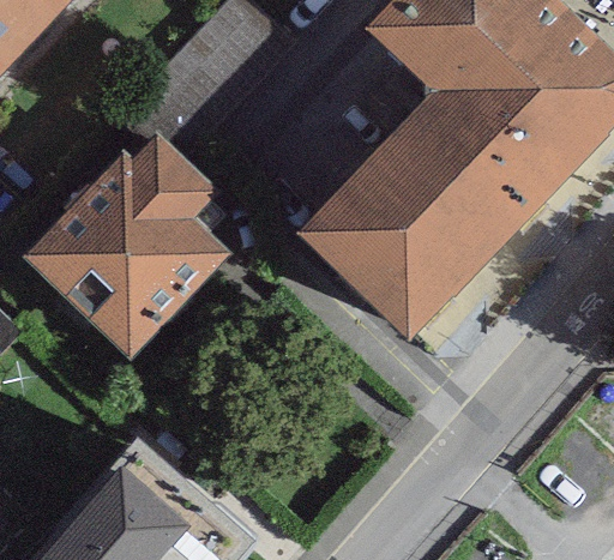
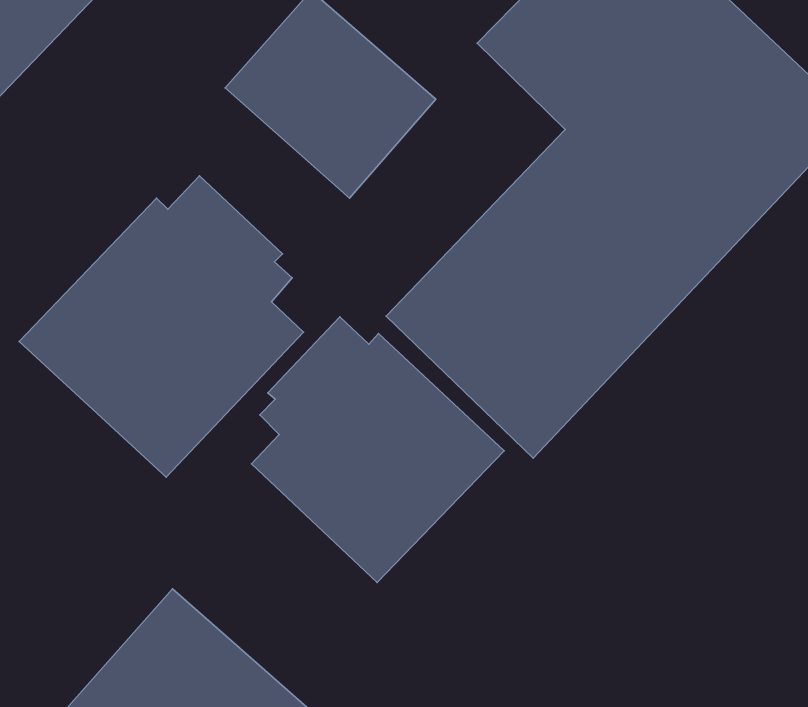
building: none -> [251,317,504,583]

